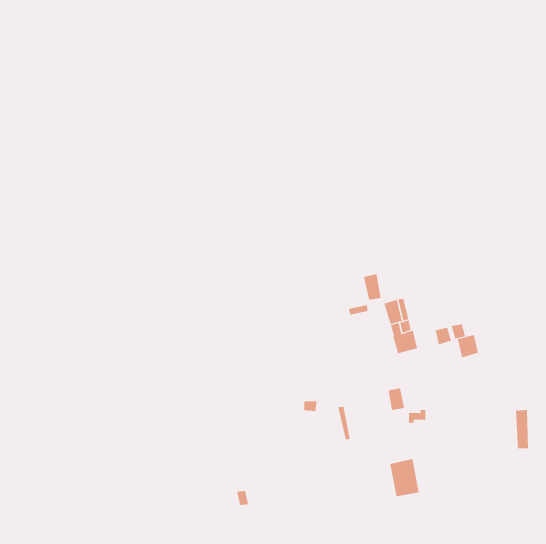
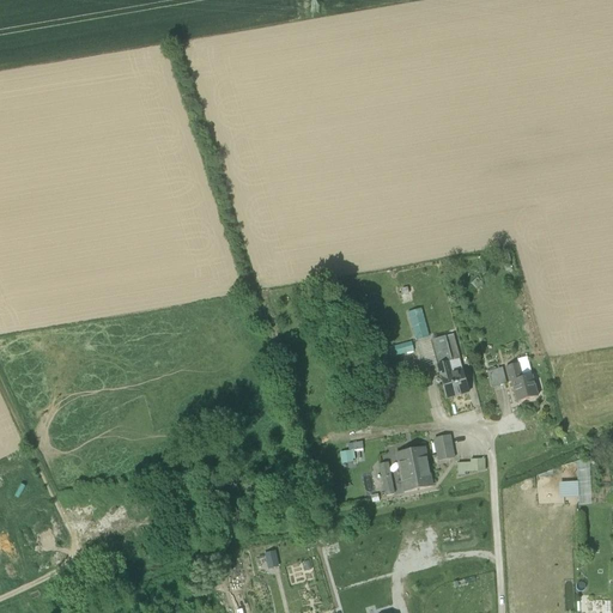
building: [390,458,419,497] -> [397,447,431,490]

